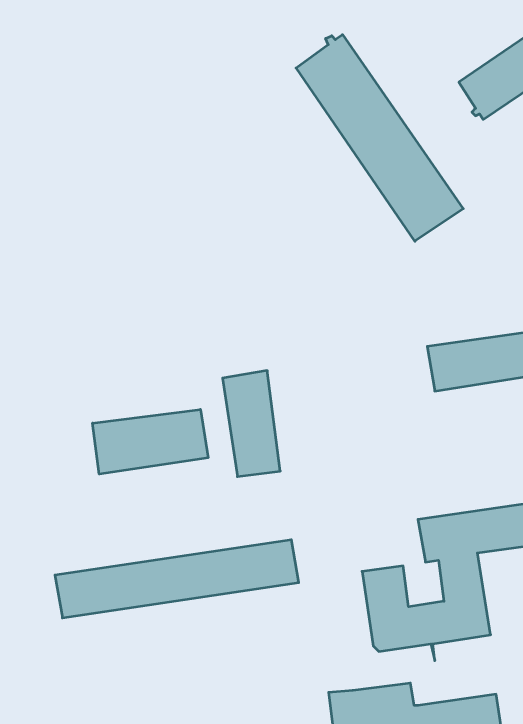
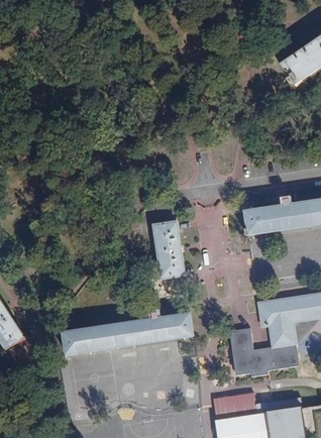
building: [296,35,463,241] -> none
building: none -> [244,208,268,235]
building: [93,409,208,474] -> none

